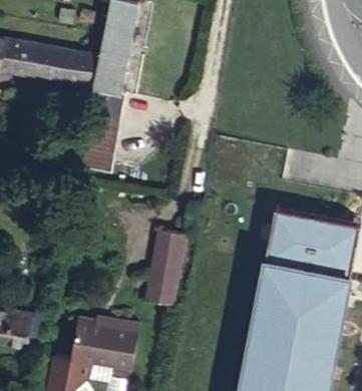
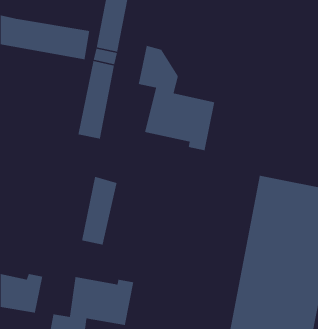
building: none -> [138,45,215,151]
building: [145,229,184,302] -> [81,176,118,246]

